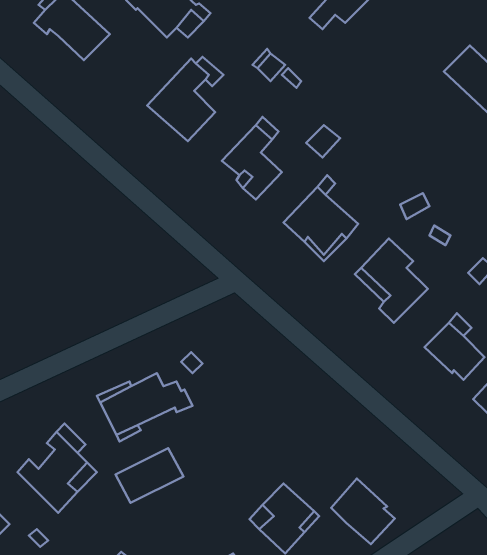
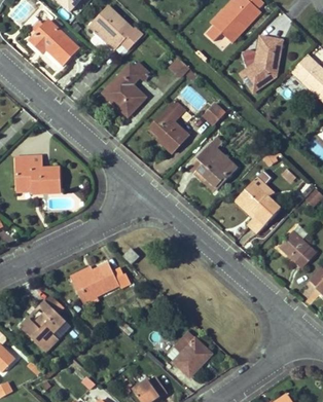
building: none -> [238,36,281,93]
building: none -> [14,155,60,192]
building: [115,448,183,503] -> none
building: [331,478,395,544] -> none

